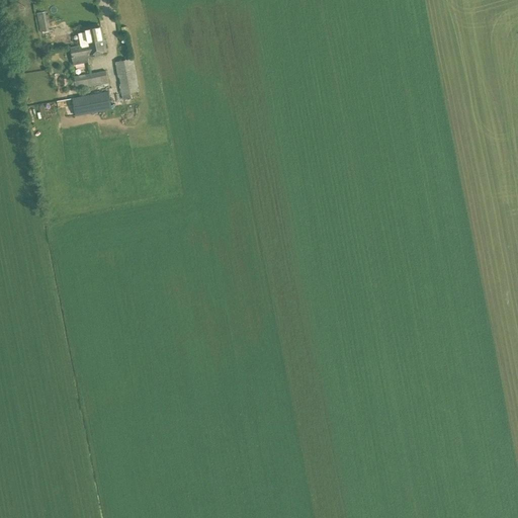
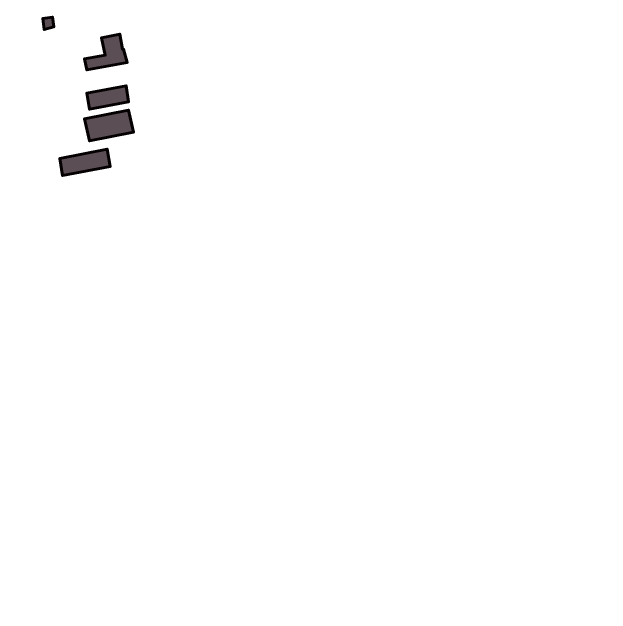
building: [113,59,138,100] -> none
building: none -> [60,149,110,176]

